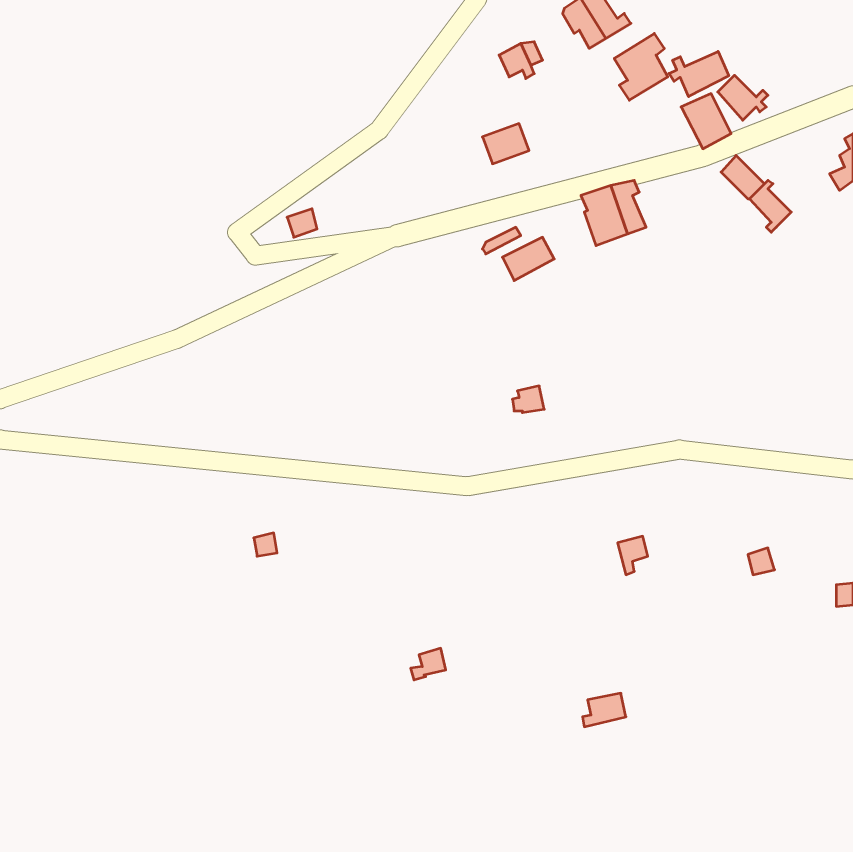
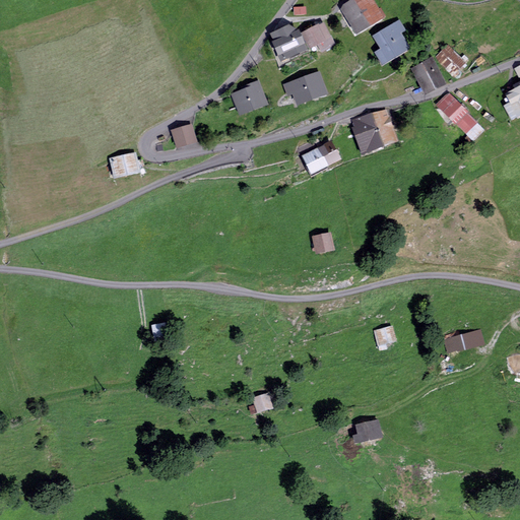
building: none -> [271,25,305,59]
building: [669,51,729,97] -> none
building: none -> [237,83,263,110]
building: none -> [112,154,141,176]

